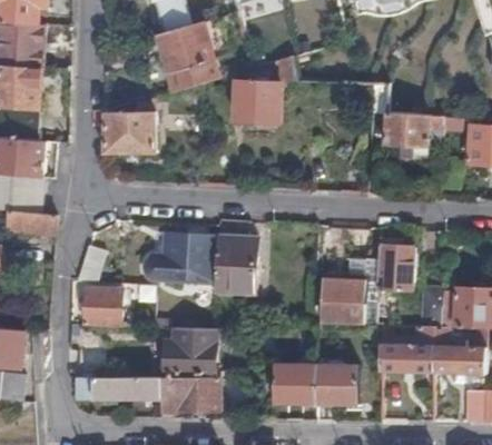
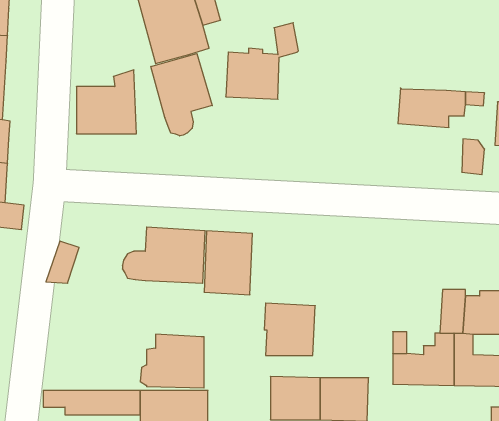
building: none -> [151,54,212,136]
building: [374,238,413,293] -> none
building: [321,278,365,324] -> [264,303,315,355]
building: [82,289,120,325] -> none

